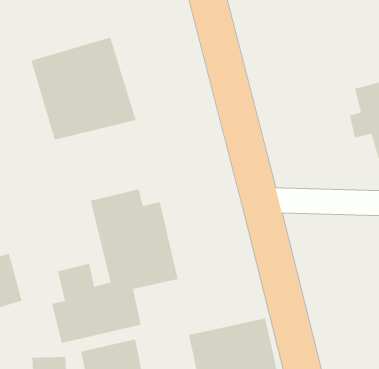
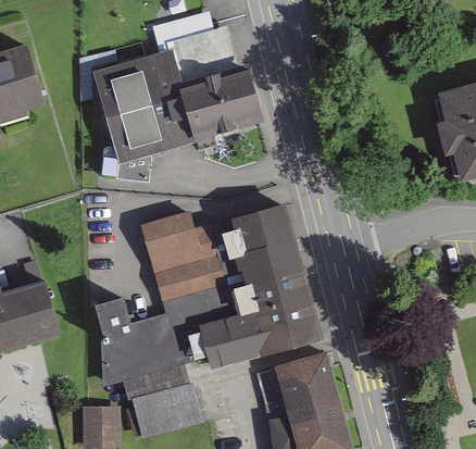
building: none -> [161,21,270,137]
building: none -> [208,207,328,366]

